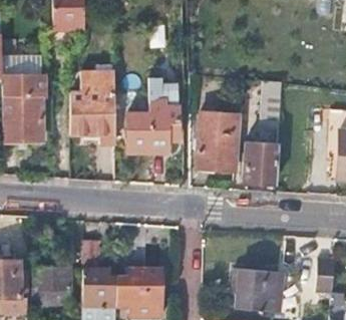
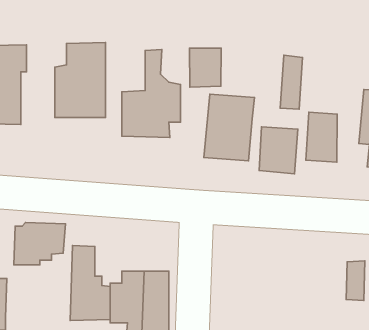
building: none -> [189,48,221,87]
building: none -> [306,112,337,162]
building: [233,268,283,310] -> none
building: [27,269,71,305] -> [14,223,66,265]

